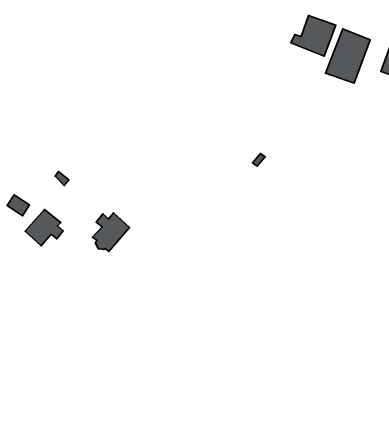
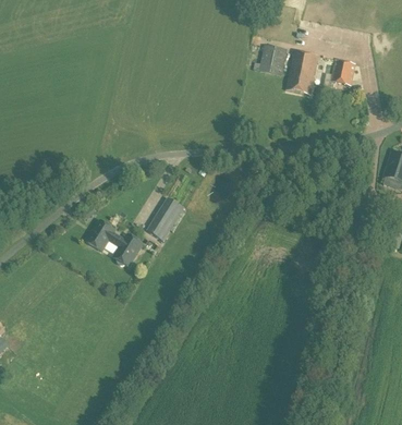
building: none -> [147,196,184,240]
building: [25,209,63,246] -> [87,220,119,251]

